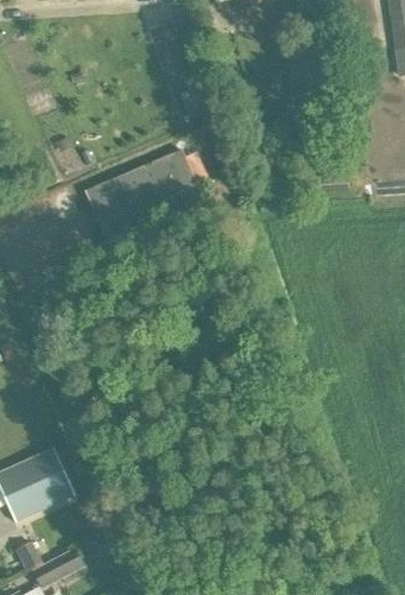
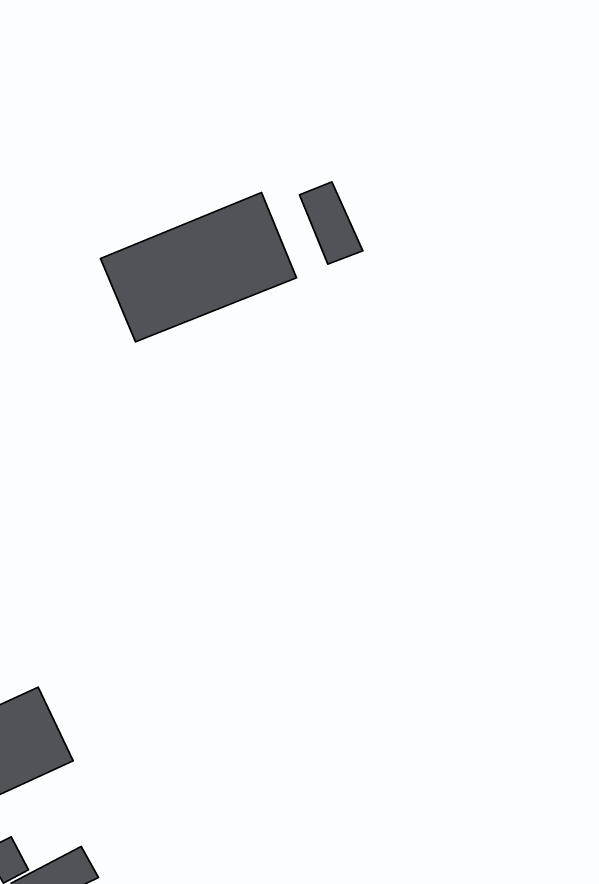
building: none -> [300,182,363,264]

